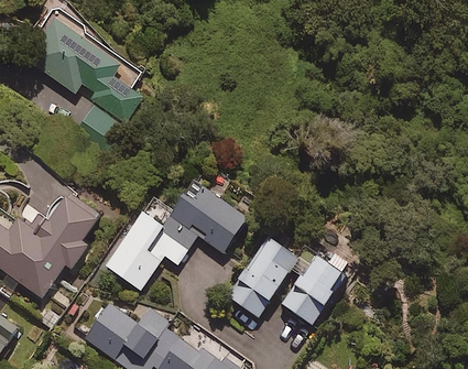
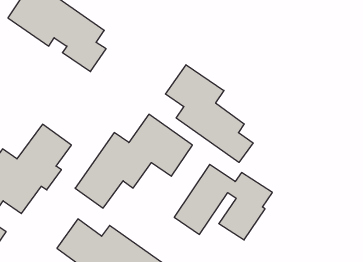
building: none -> [165,65,253,162]

